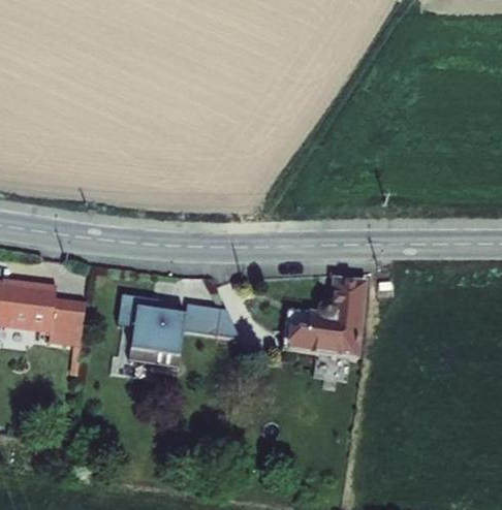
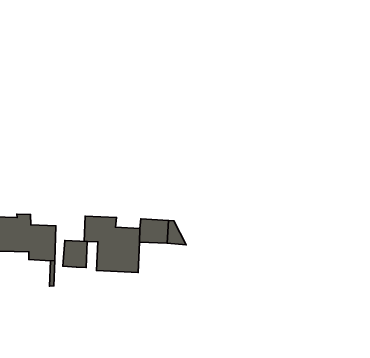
building: [288,278,365,358] -> none
building: none -> [63,240,87,268]

